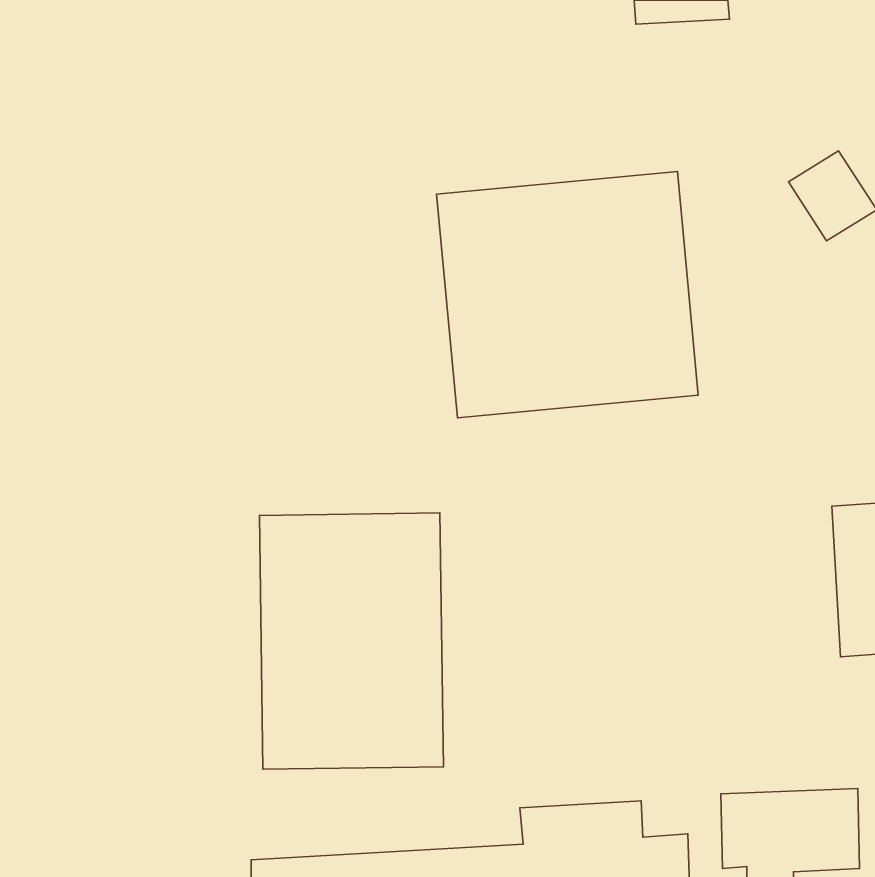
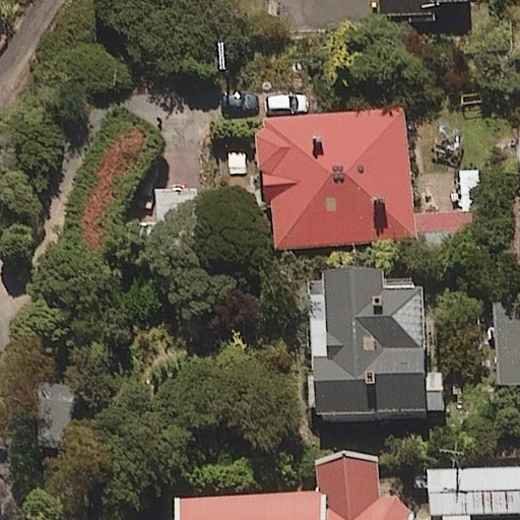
building: none -> [308,264,443,412]
building: [259,513,443,769] -> none

